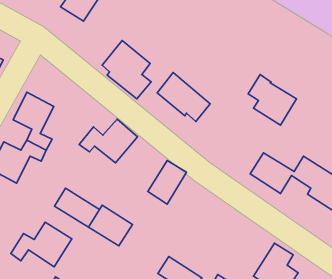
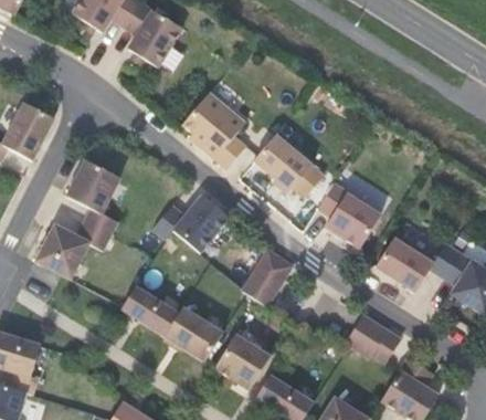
building: [248,74,297,125] -> [318,182,381,249]
building: none -> [346,314,401,364]
building: [11,222,72,267] -> none
building: none -> [214,335,270,389]

